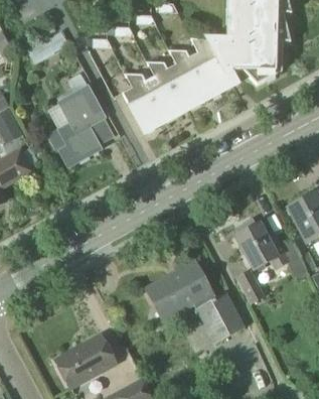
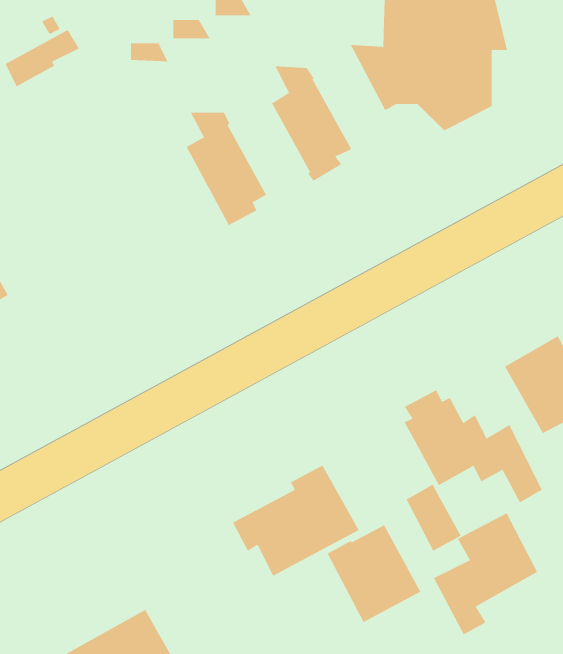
building: [188,39,230,99] -> none
building: [144,62,186,122] -> none
building: [47,73,104,167] -> none
building: none -> [433,513,538,635]

